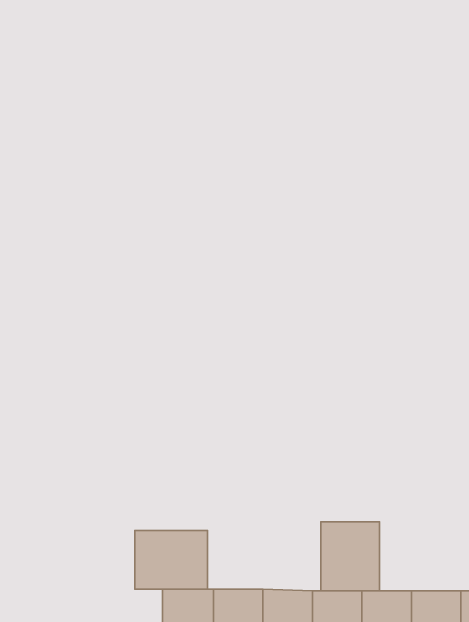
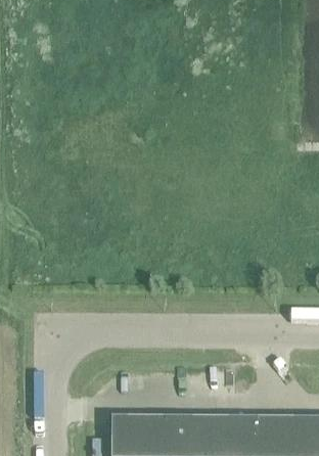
building: [321,522,379,591] -> none
building: [135,531,207,589] -> none

